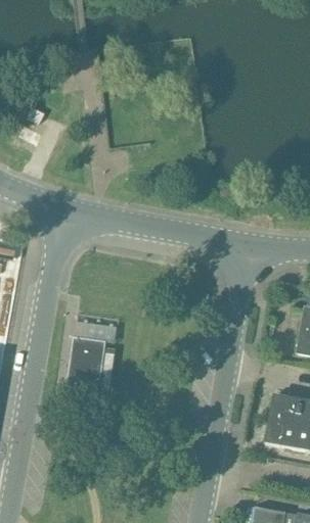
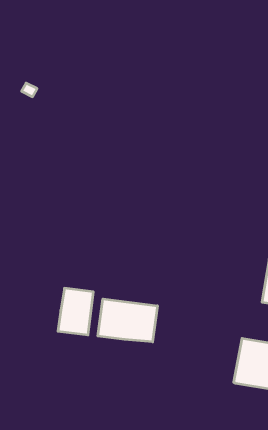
building: none -> [98,299,157,342]

